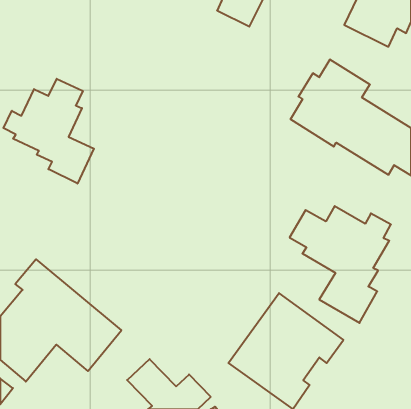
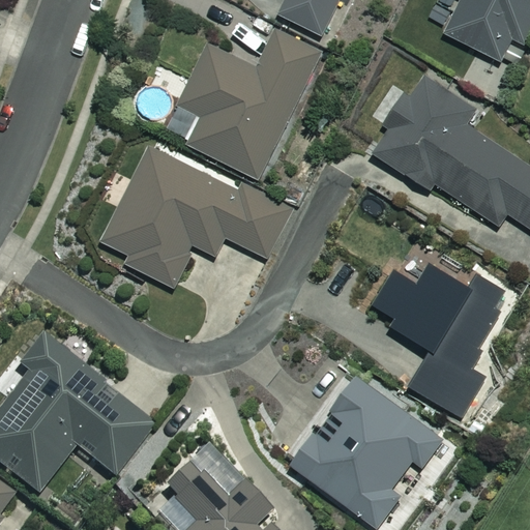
building: none -> [167,29,321,176]
building: [3,79,94,184] -> none
building: none -> [100,145,290,287]

